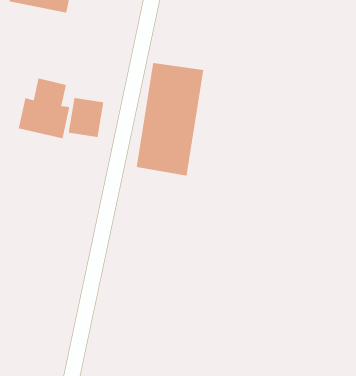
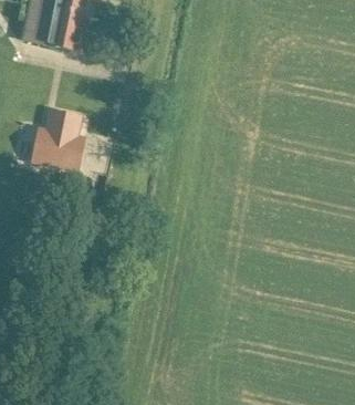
building: [136,62,204,176] -> none

